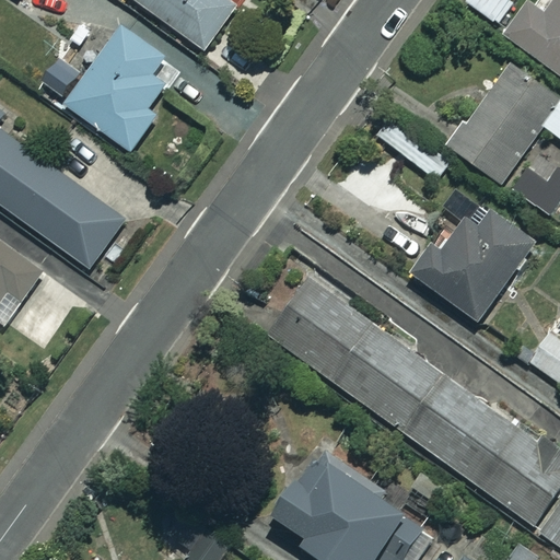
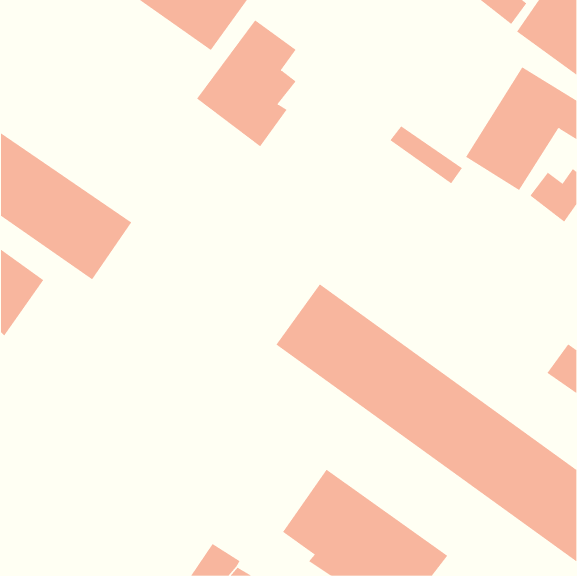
building: [67,27,164,151] -> [196,20,296,147]
building: [413,185,534,320] -> none

